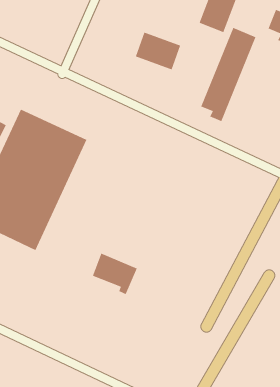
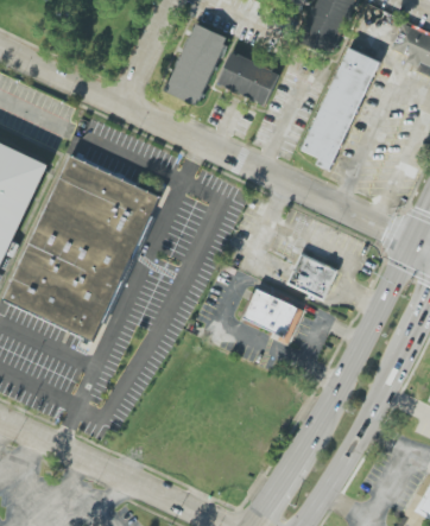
building: none -> [165,23,227,104]
building: none -> [286,254,336,299]
building: [92,253,138,295] -> [242,289,303,344]

